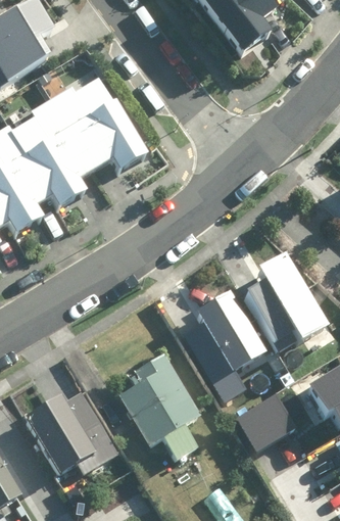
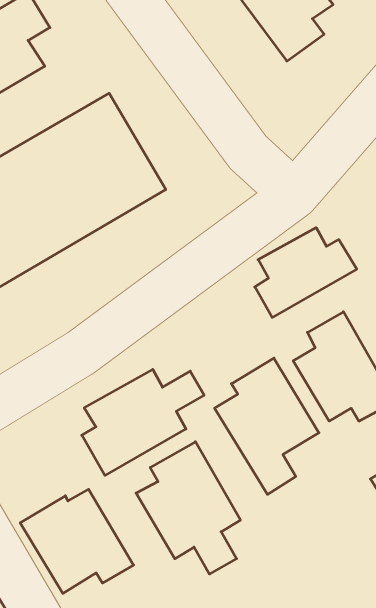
building: none -> [255,228,357,317]
building: none -> [82,369,204,475]
building: [233,391,293,448] -> none

